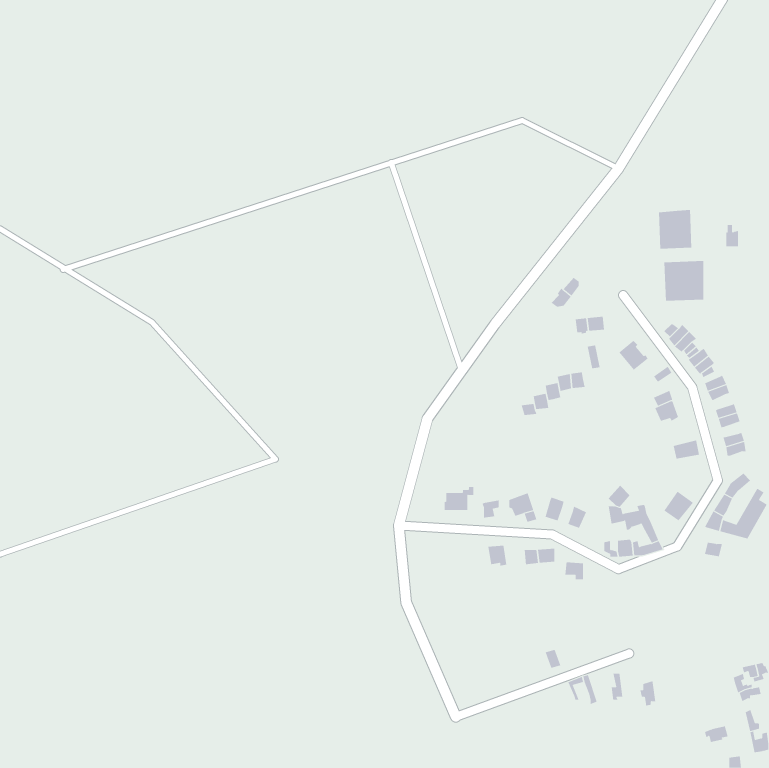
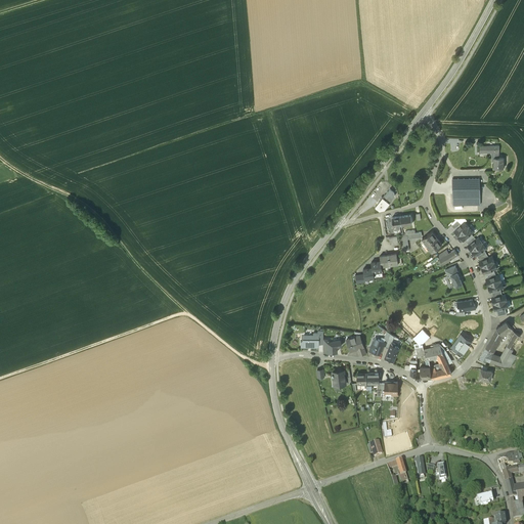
building: [658,209,692,249] -> none

